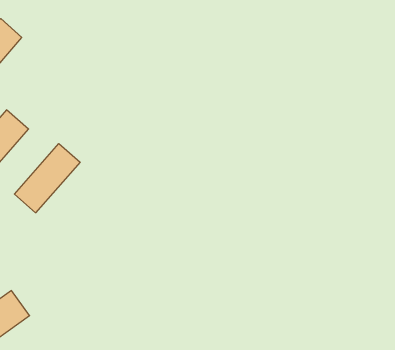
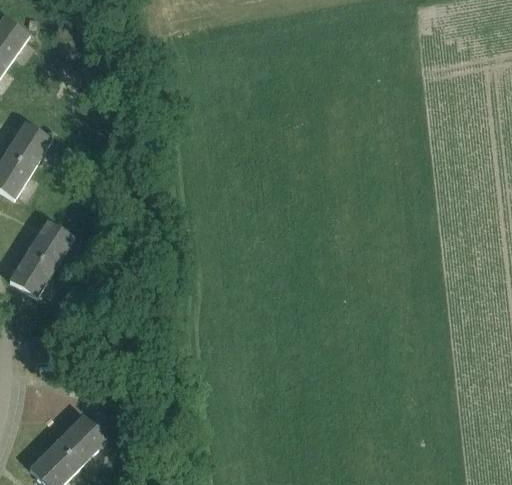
building: [14,144,80,213] -> none

